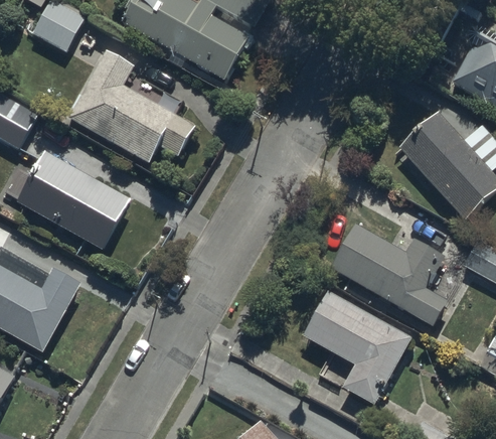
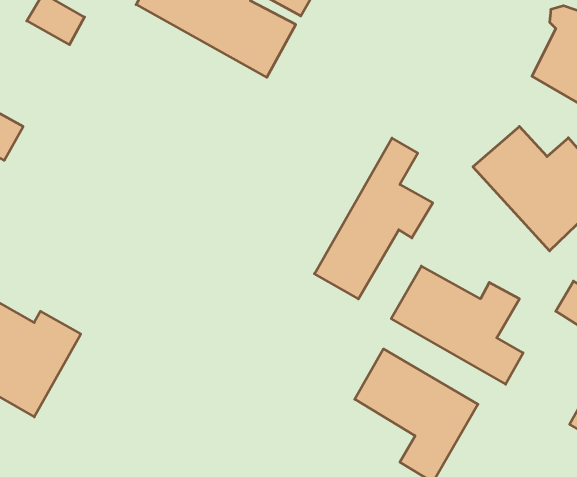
building: [71,53,197,159] -> none
building: none -> [314,138,433,299]
building: [22,156,135,250] -> none

